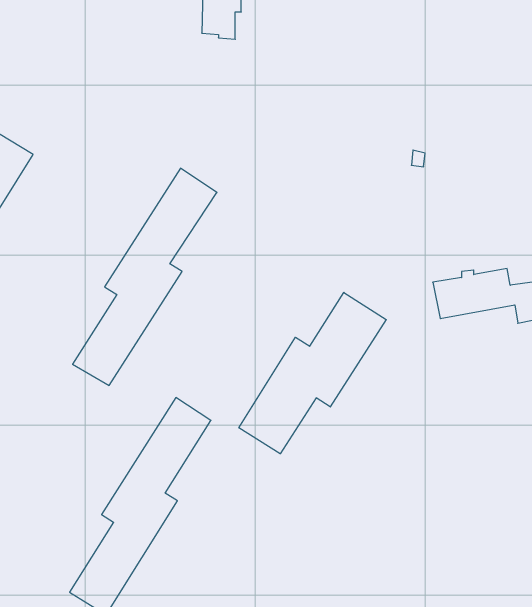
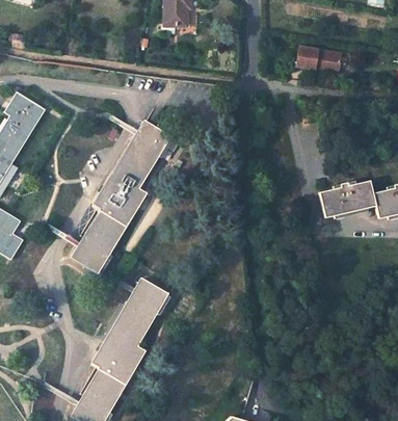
building: none -> [300,50,348,74]
building: [239,292,386,454] -> none

